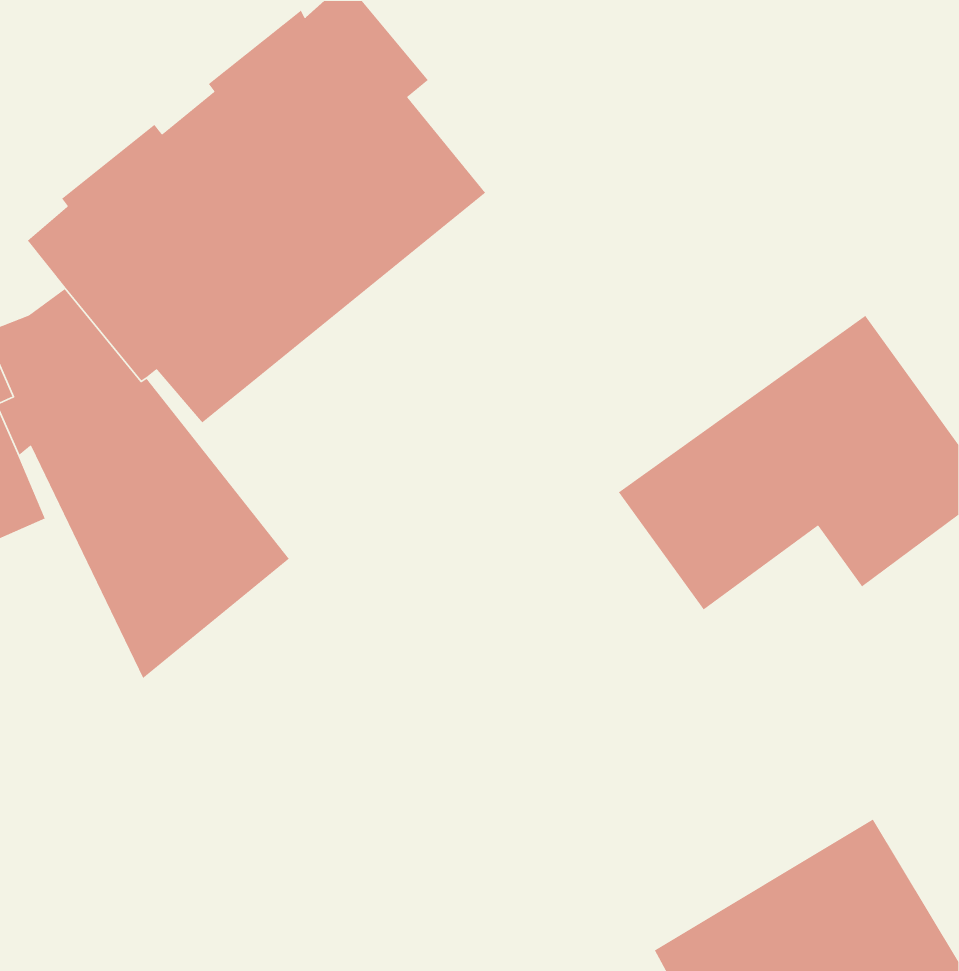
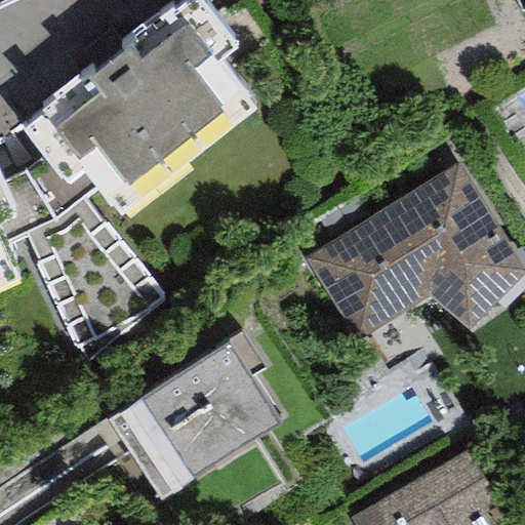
building: none -> [98,344,272,501]

